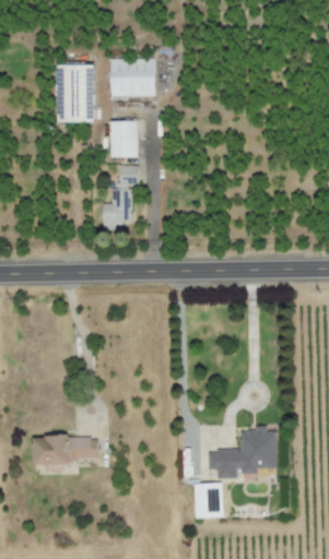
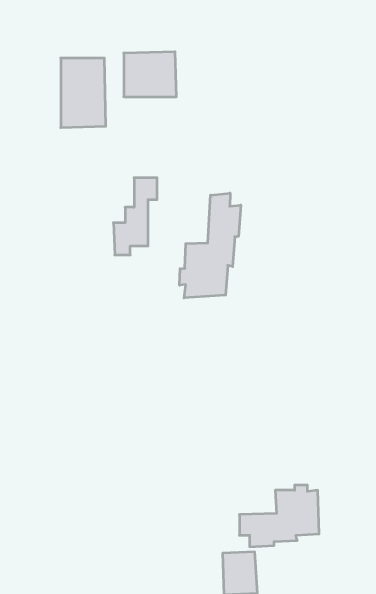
building: [110,120,138,157] -> none
building: none -> [180,193,241,298]
building: [33,436,98,463] -> none

